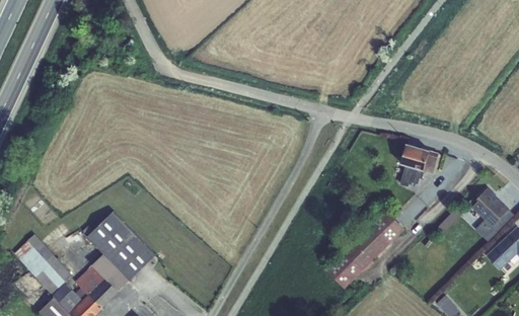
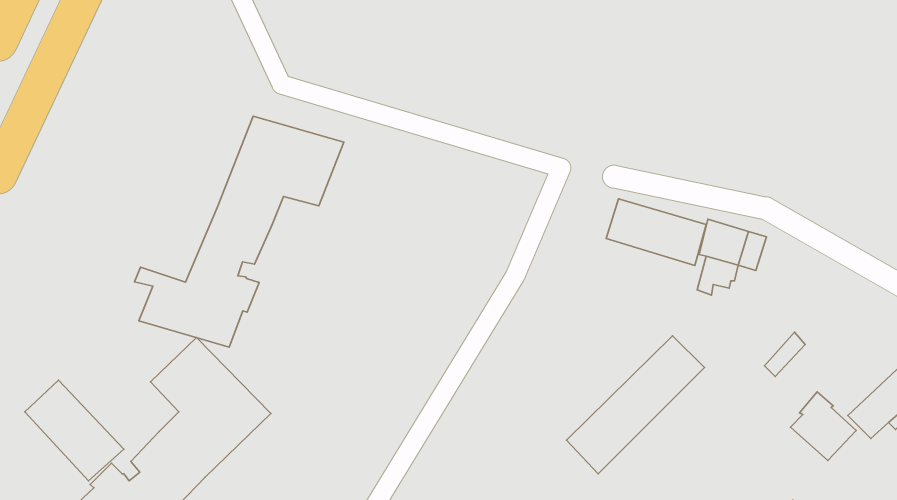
building: none -> [134,116,344,347]
building: none -> [606,199,706,266]
building: [471,187,509,227] -> [791,392,856,461]

